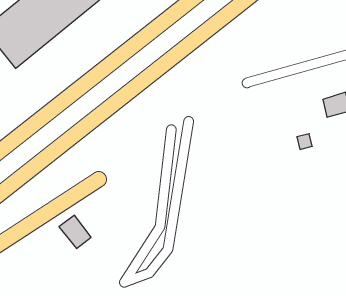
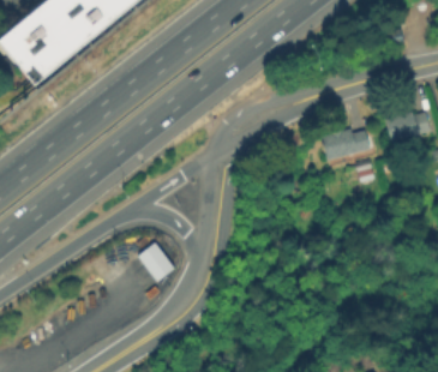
building: none -> [325,131,373,161]
building: [59,215,91,249] -> [136,244,173,282]

